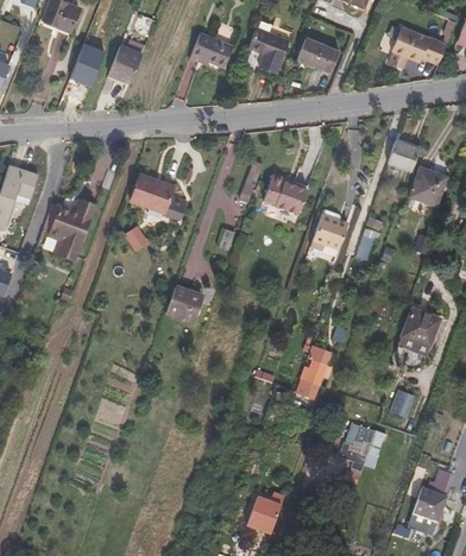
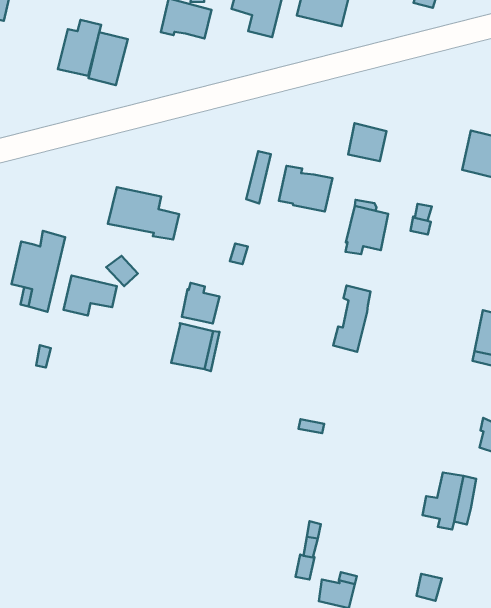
building: [70,43,105,86] -> [89,32,128,85]
building: [388,138,420,170] -> [348,123,386,161]
building: none -> [63,275,117,315]
building: none -> [182,283,220,323]
building: [294,350,328,403] -> [333,285,370,352]

